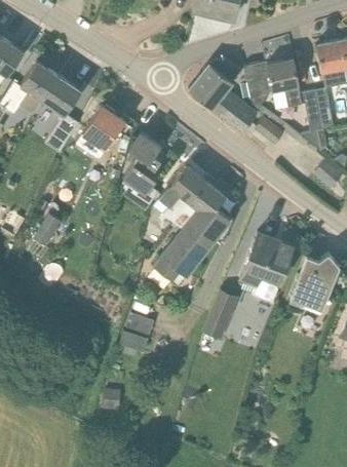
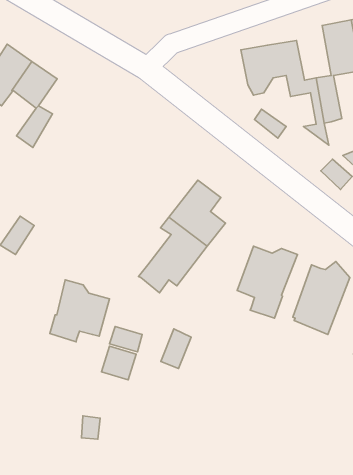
building: [188,59,256,132] -> none
building: [75,106,134,158] -> none
building: [122,132,160,193] -> none
building: [160,164,205,223] -> none
building: none -> [50,280,110,342]
building: [209,289,236,324] -> [161,329,191,368]

